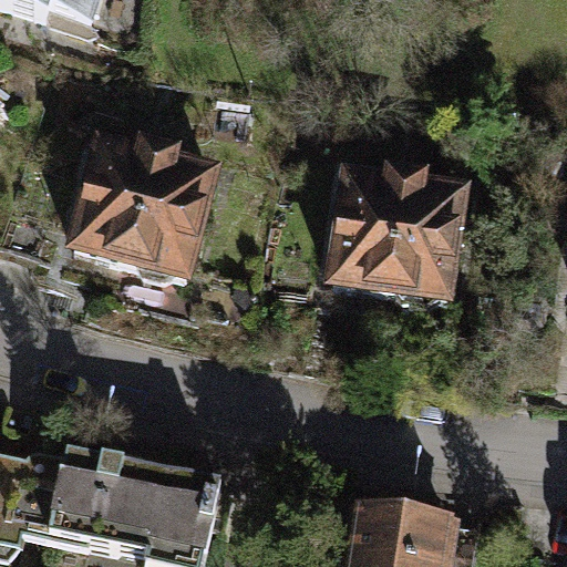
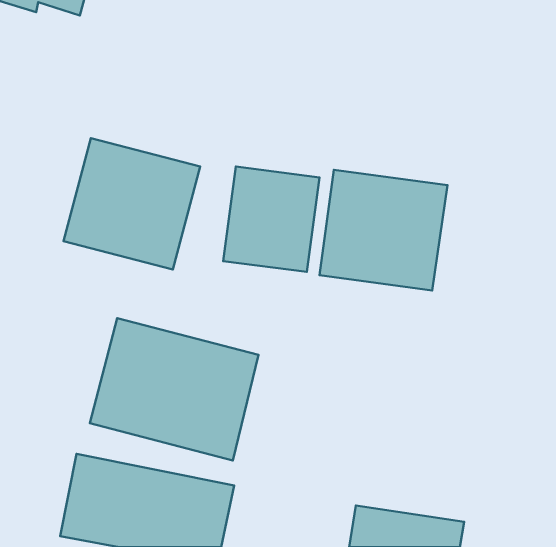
building: none -> [223,167,320,272]
building: none -> [90,318,259,461]

